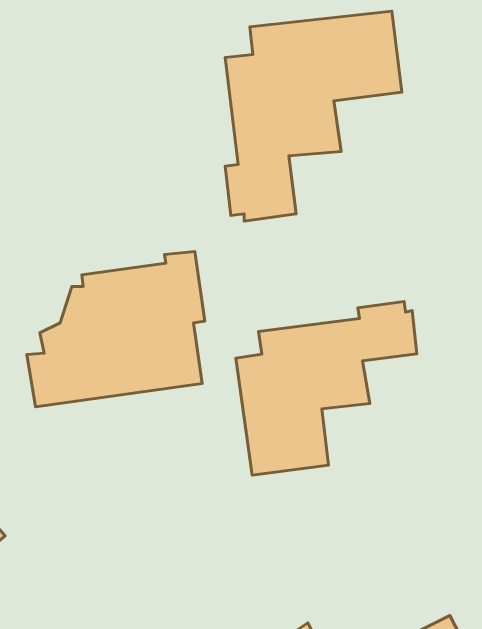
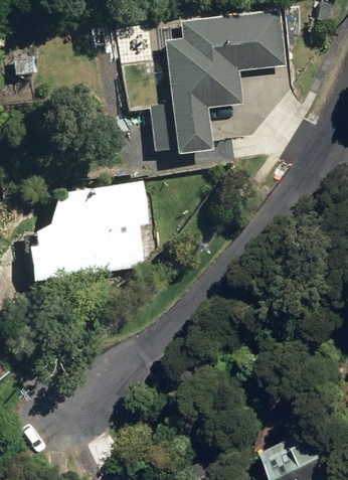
building: [236,301,417,475] -> none

